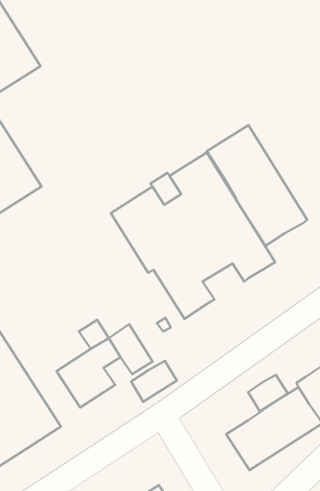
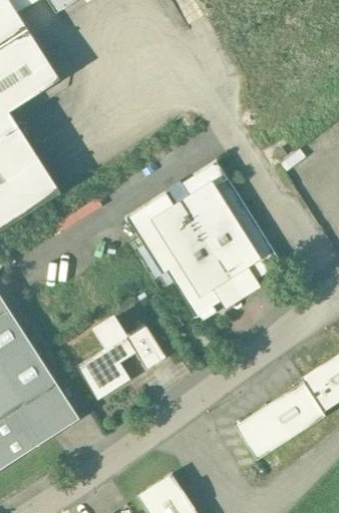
building: [207,125,307,246] -> none
building: none -> [214,265,262,309]
building: [131,361,177,402] -> none
building: [248,375,288,412] -> none

